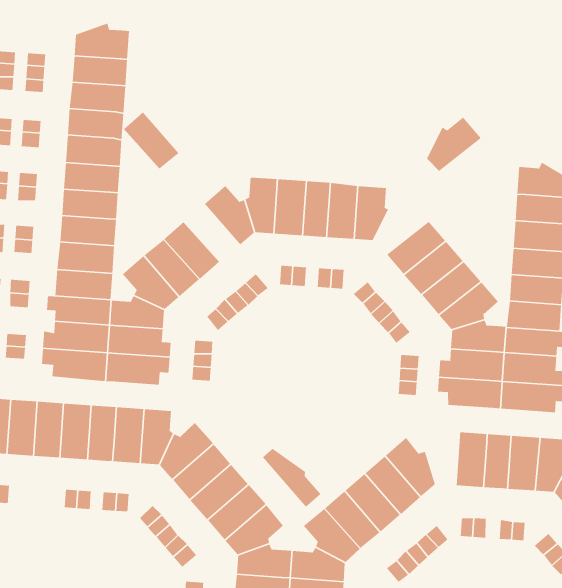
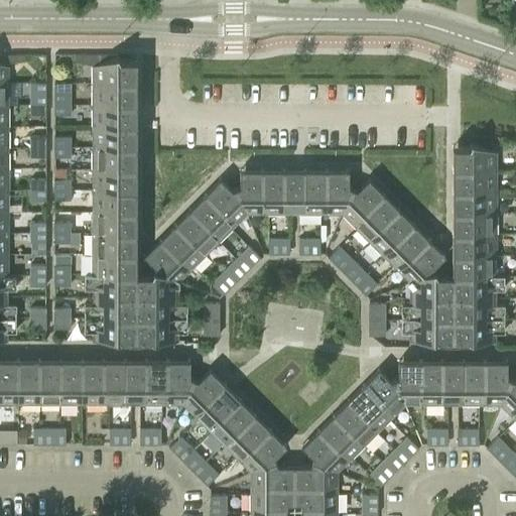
building: [123,112,180,170] -> [189,196,236,241]
building: [426,117,482,172] -> [342,180,385,226]
building: none -> [395,363,421,406]
building: [262,448,322,508] -> none

